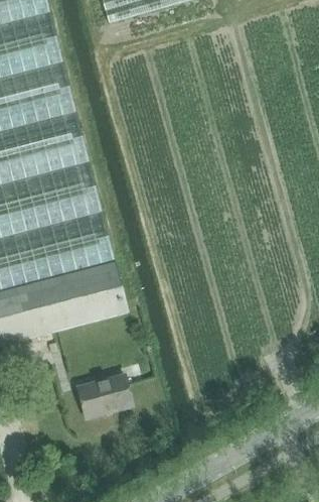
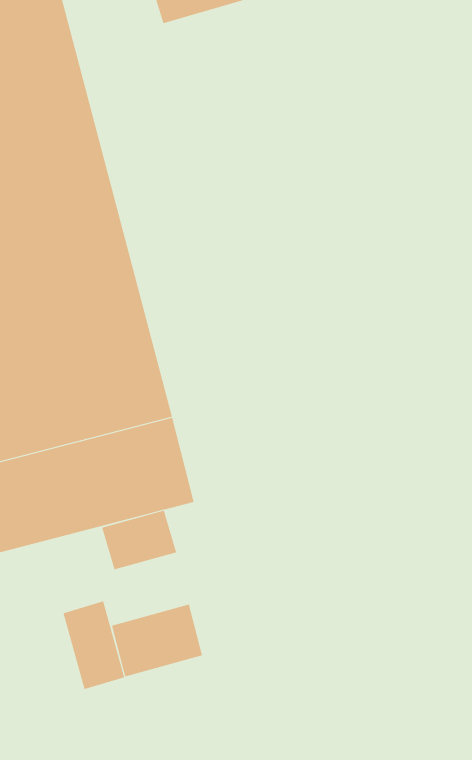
building: none -> [102,510,177,570]
building: none -> [63,601,125,690]

